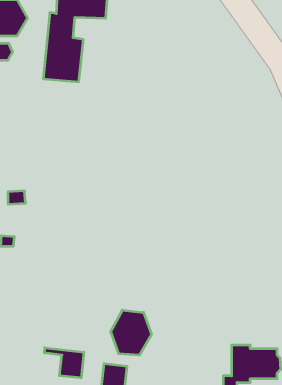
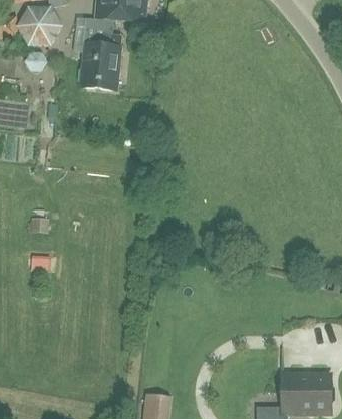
building: [111,310,151,355] -> none
building: [45,348,84,378] -> none

